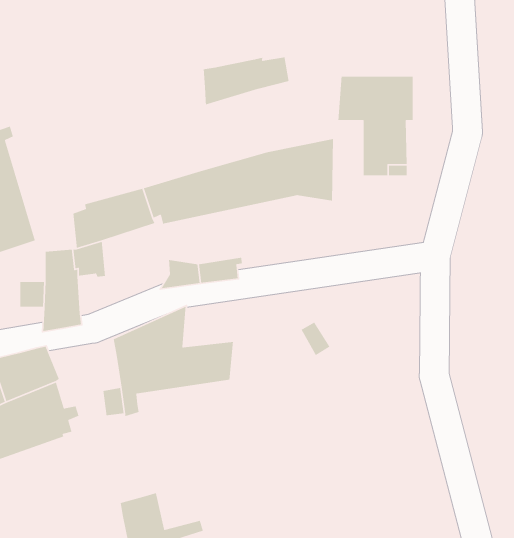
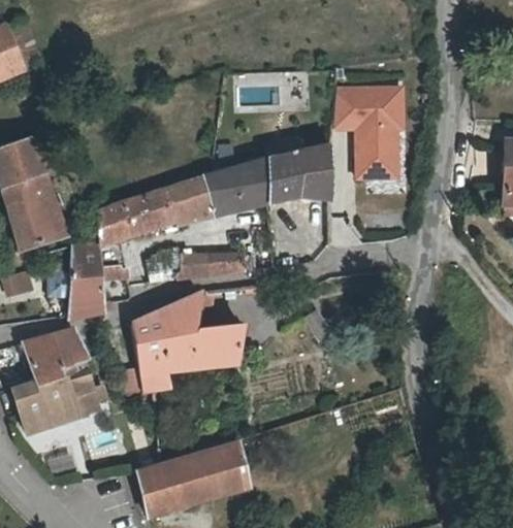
building: [203,56,290,105] -> none
building: none -> [172,442,247,496]

